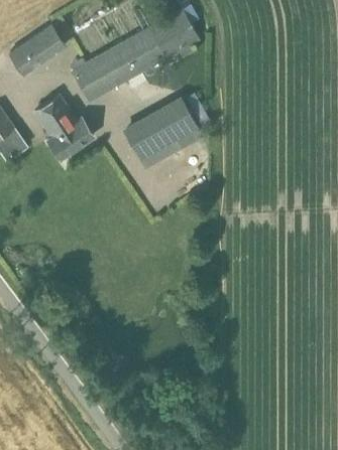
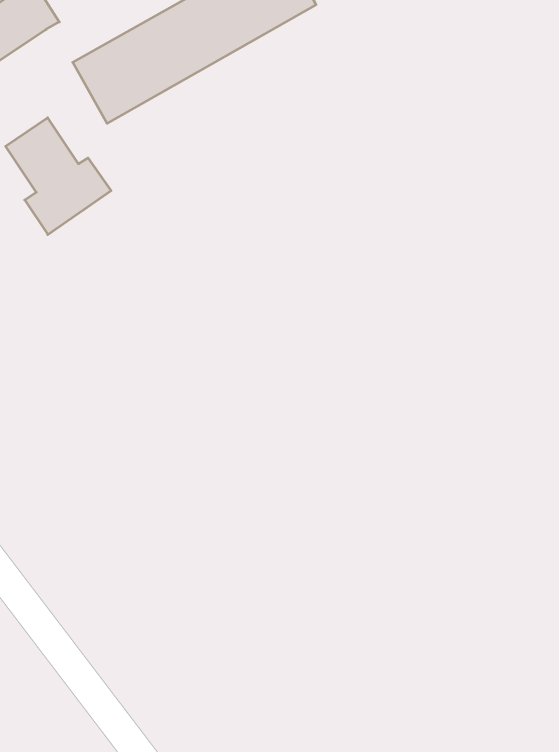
building: [124,97,204,169] -> none

